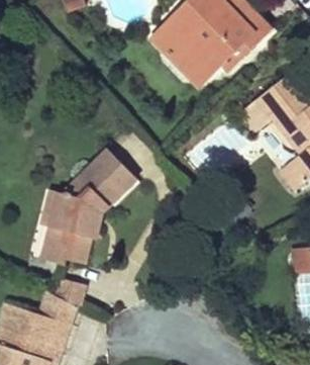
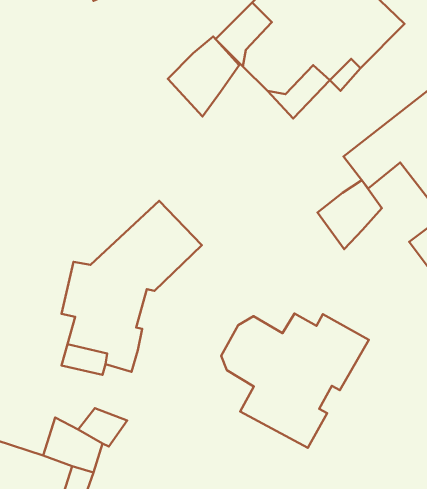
building: none -> [168,36,239,116]
building: none -> [318,180,382,249]
building: none -> [221,314,369,448]

